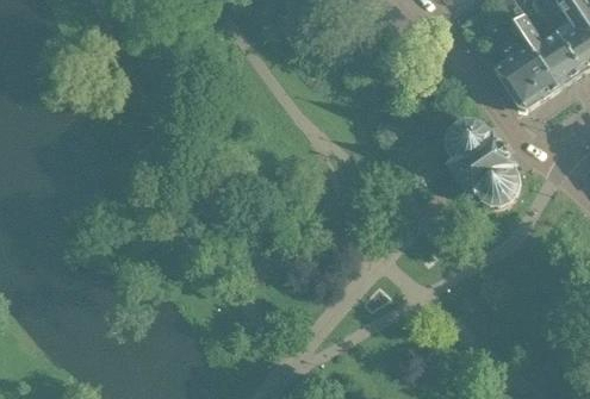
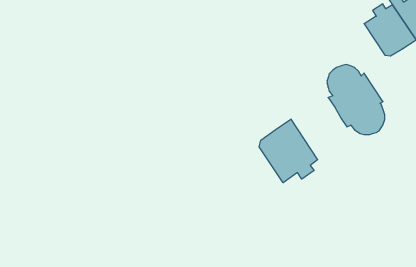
building: none -> [259,119,318,183]

